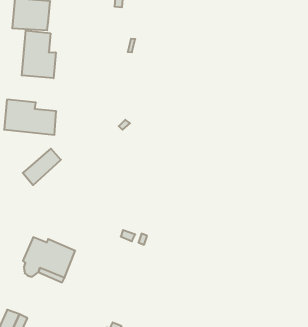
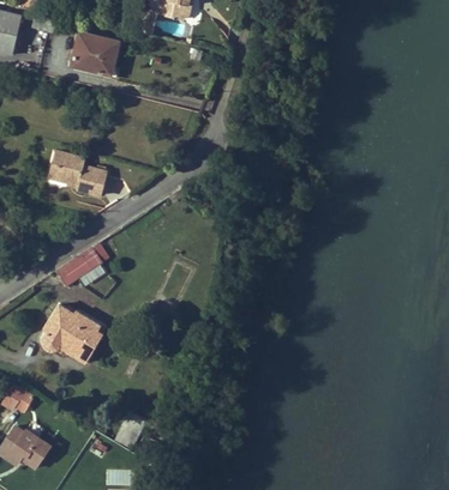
building: [22,30,56,78] -> none
building: [23,149,61,185] -> [56,249,102,288]

